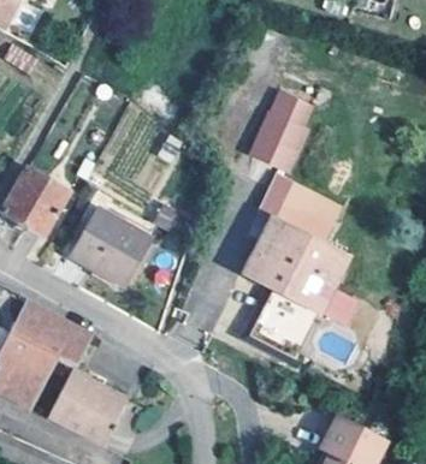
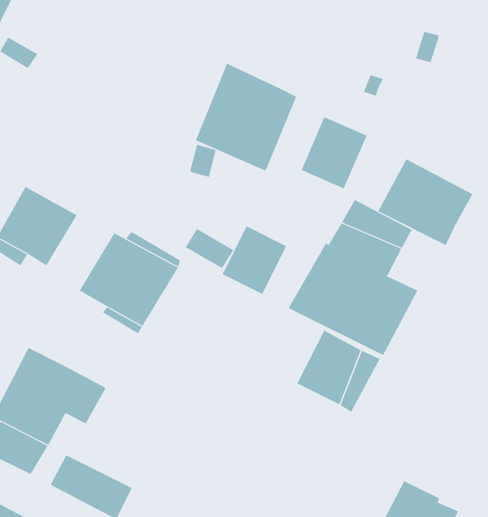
building: none -> [195,63,297,172]
building: none -> [377,159,473,246]
building: none -> [222,226,287,295]
building: [58,369,124,418] -> none

